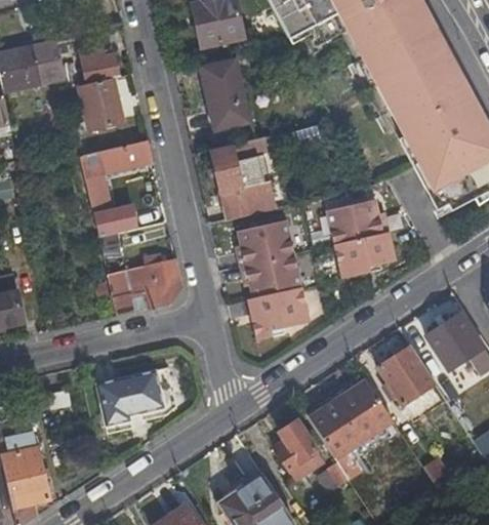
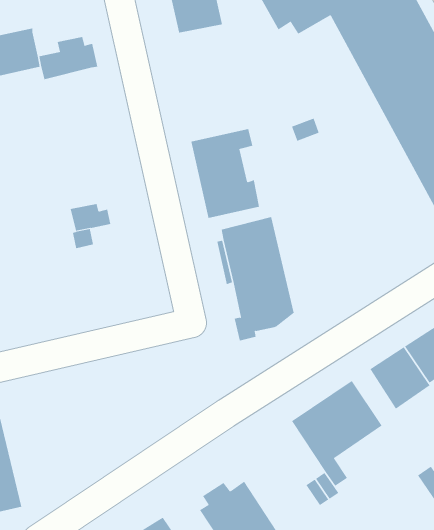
building: [201,71,249,129] -> none
building: [72,79,127,131] -> none
building: [81,140,155,196] -> none
building: [328,198,397,277] -> none
building: [106,253,182,315] -> none
building: [96,369,164,427] -> none
building: [275,419,324,480] -> none

